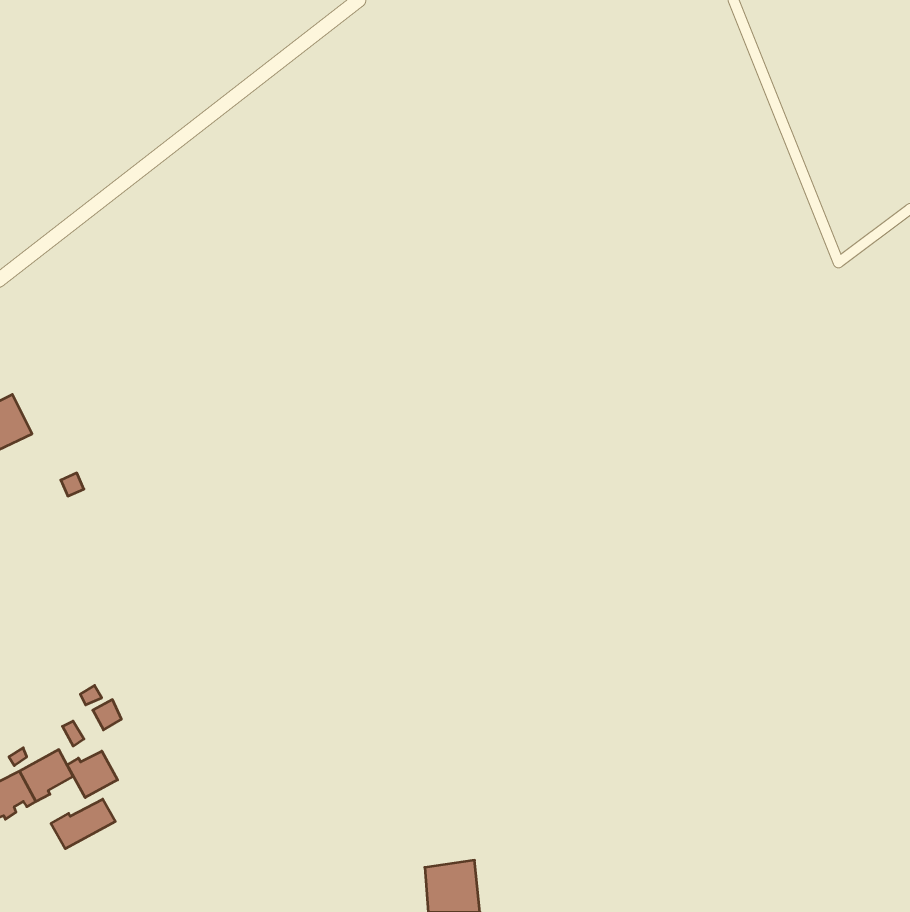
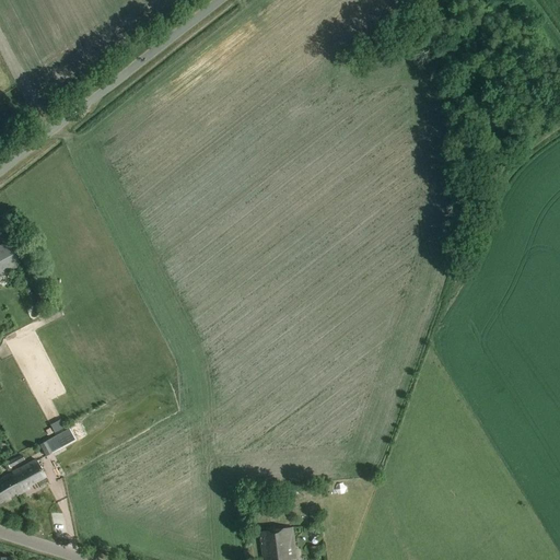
building: [67,751,118,798] -> none
building: [51,799,115,849] -> none

